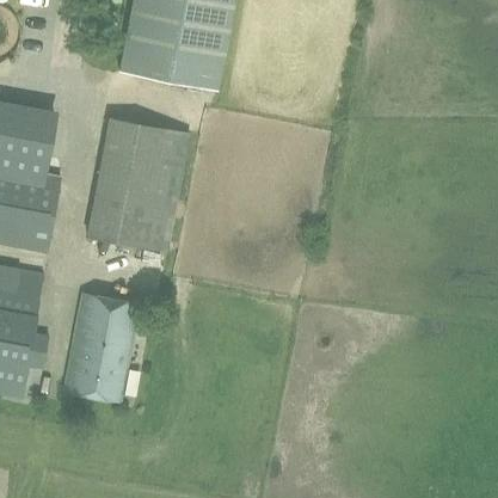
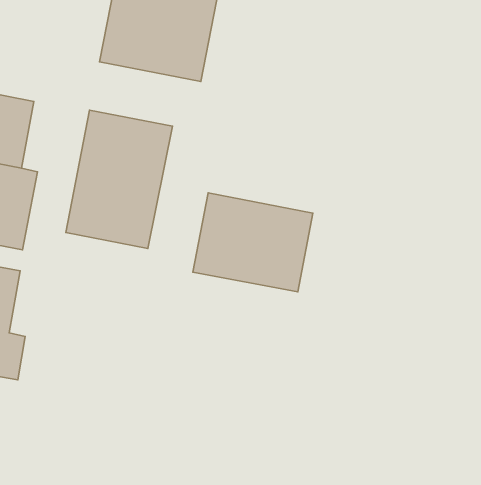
building: none -> [193,193,313,292]
building: [63,294,137,402] -> none

